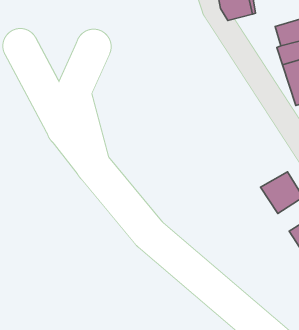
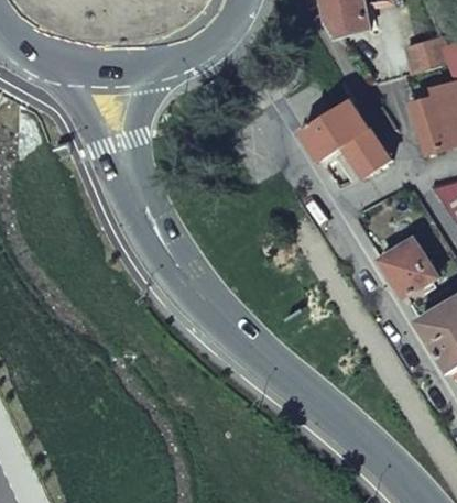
building: none -> [298,99,388,176]

